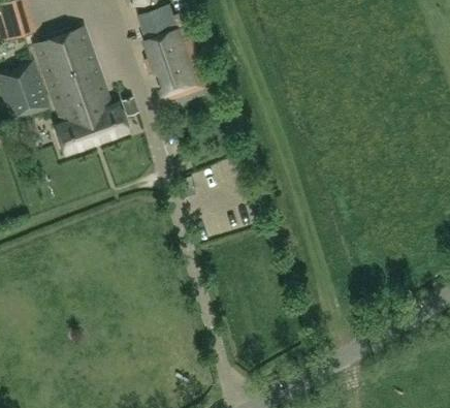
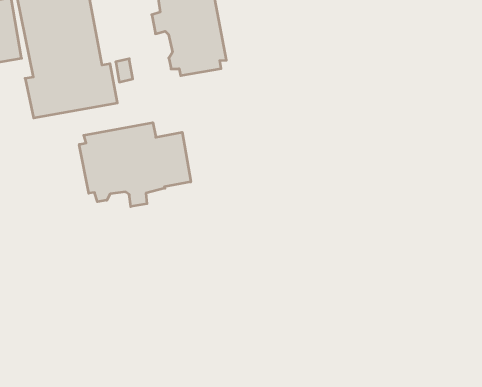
building: none -> [79,123,191,207]

